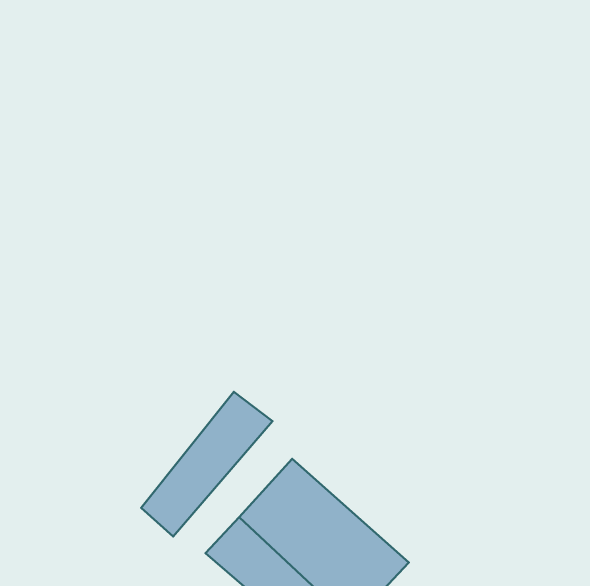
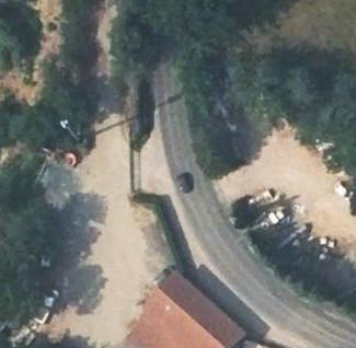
building: [141,392,272,536] -> none

